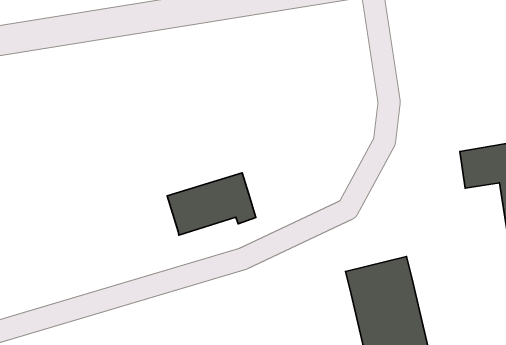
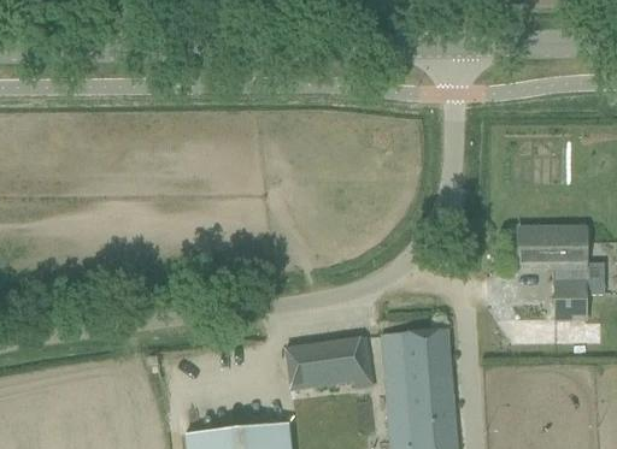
building: [167,173,256,235] -> [286,336,374,390]

